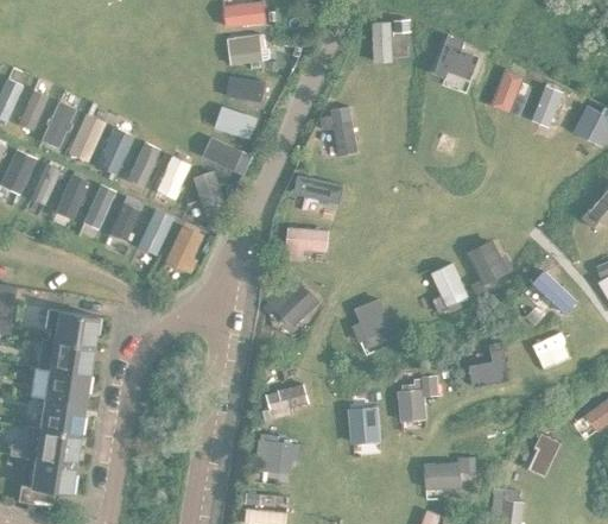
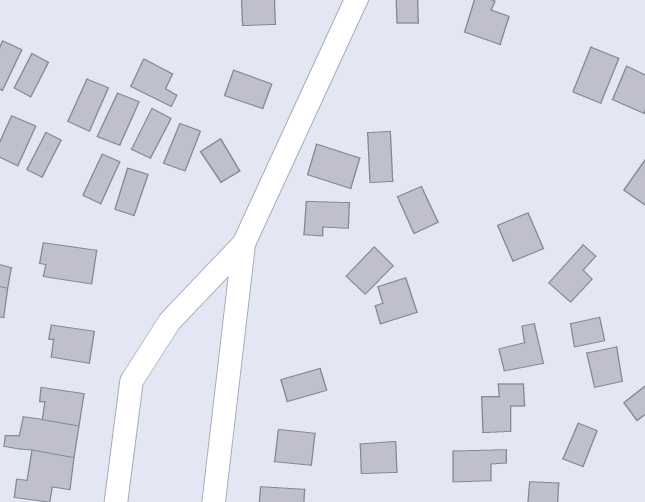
building: [490,68,525,112] -> none
building: [226,75,265,102] -> none
building: none -> [131,59,177,106]
building: [39,99,76,147] -> none
building: [331,107,355,154] -> [367,131,393,182]
building: [202,135,241,170] -> none
building: [53,172,89,220] -> none
building: [138,209,172,255] -> none
building: [164,223,204,272] -> none
building: [430,263,468,307] -> [397,186,438,234]
building: [274,283,318,327] -> [346,247,393,294]
building: [43,310,96,348] -> [39,243,97,284]
building: none -> [587,347,622,387]
building: [42,372,87,406] -> none
building: [398,375,438,421] -> [481,384,525,433]
building: [350,408,385,437] -> [360,442,397,473]

